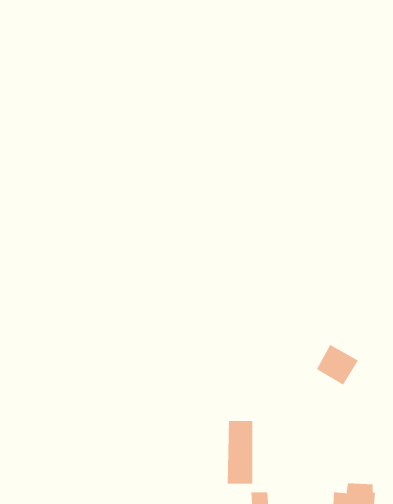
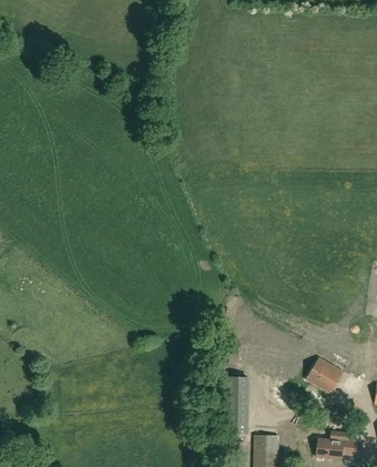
building: [316,344,359,385] -> [307,357,345,394]

